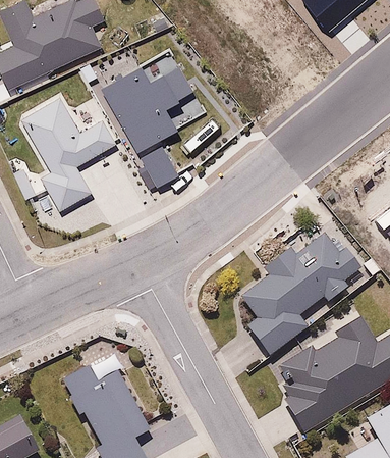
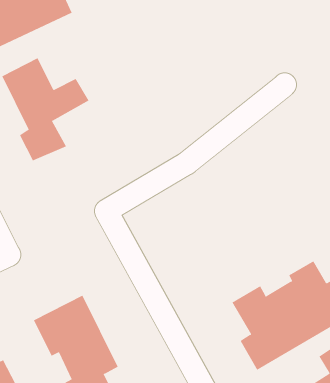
building: [102,62,197,185] -> none
building: [242,235,363,357] -> none

